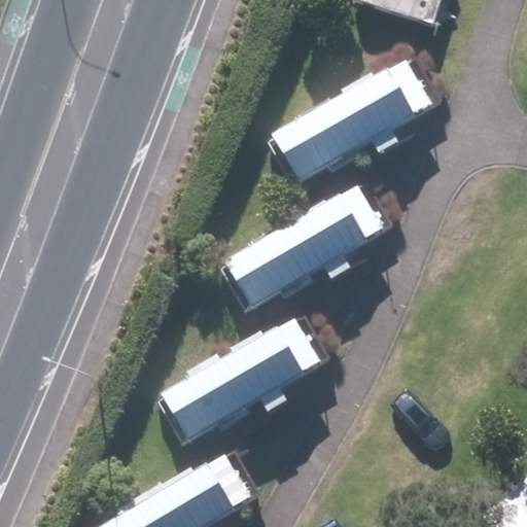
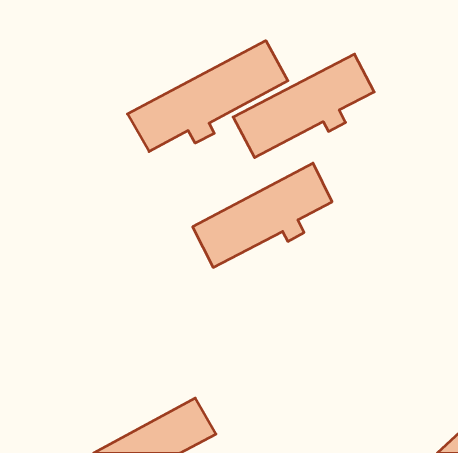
building: none -> [127,41,288,152]
building: [157,319,319,438] -> none

